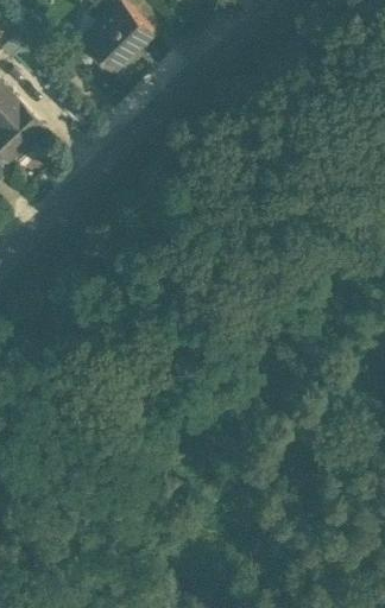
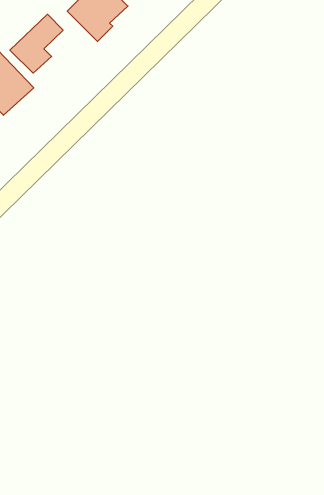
building: none -> [10,14,63,73]

